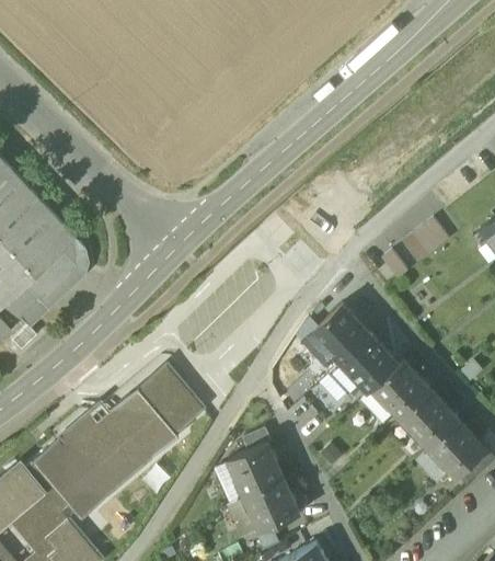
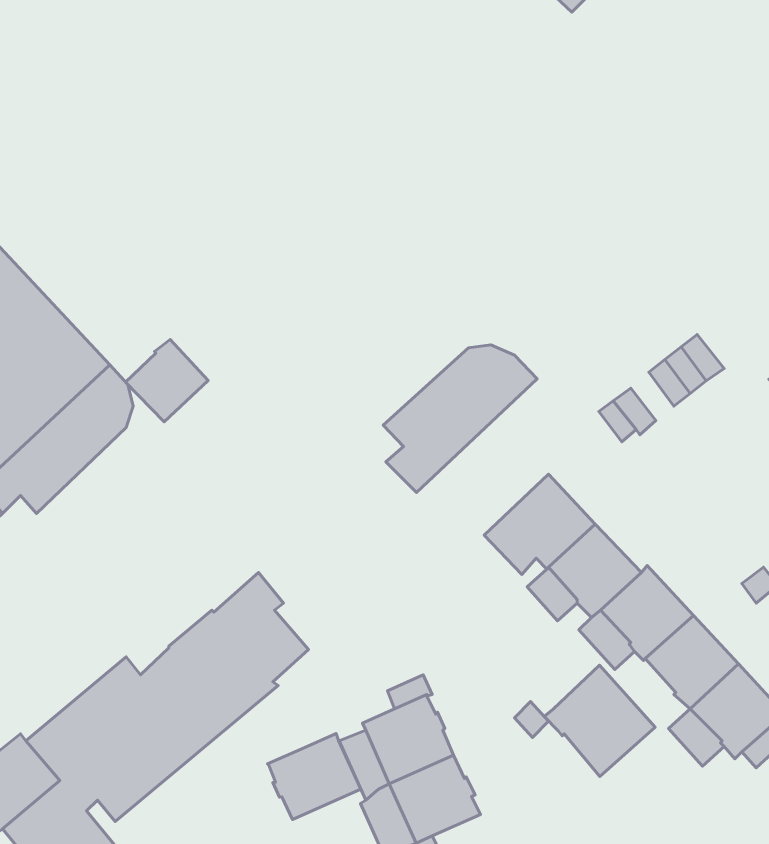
building: none -> [126,339,208,422]
building: none -> [383,345,537,493]
building: none -> [544,665,655,777]
building: none -> [268,734,361,820]

